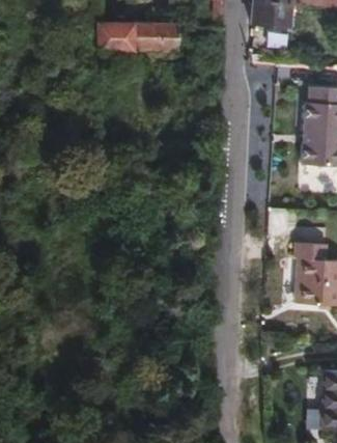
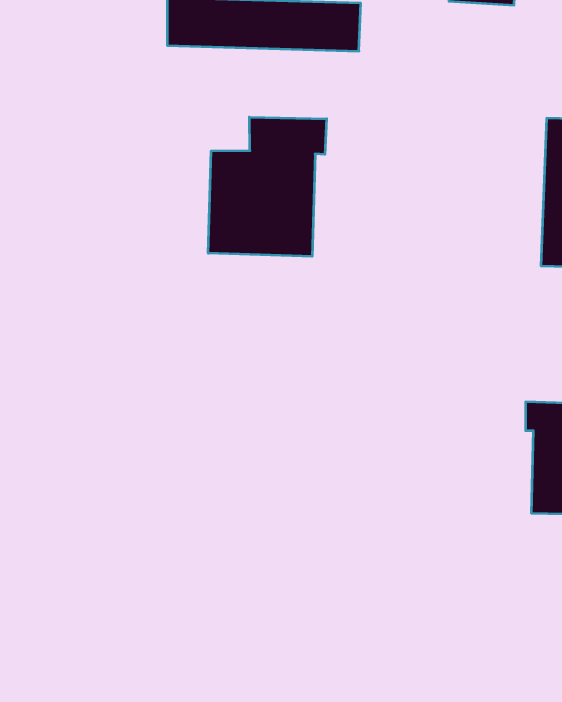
building: none -> [208,117,327,256]

